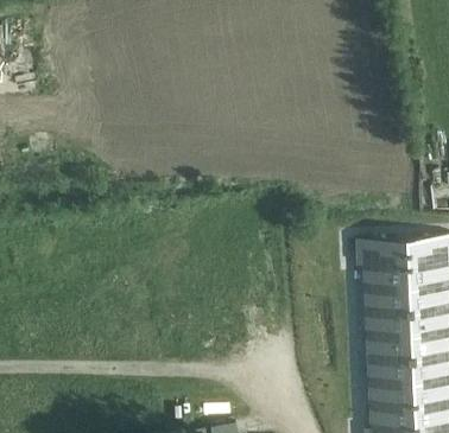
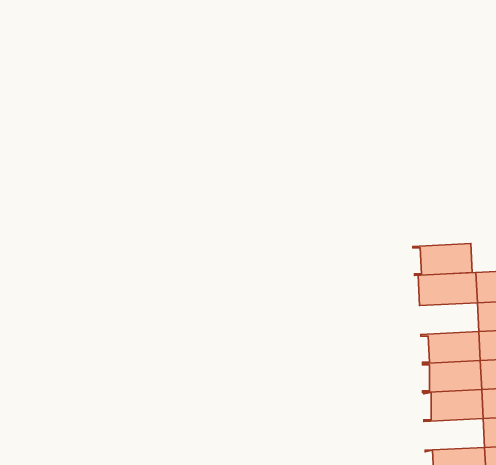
building: [358,263,406,289] -> [413,244,472,275]
building: [361,358,411,384] -> none

